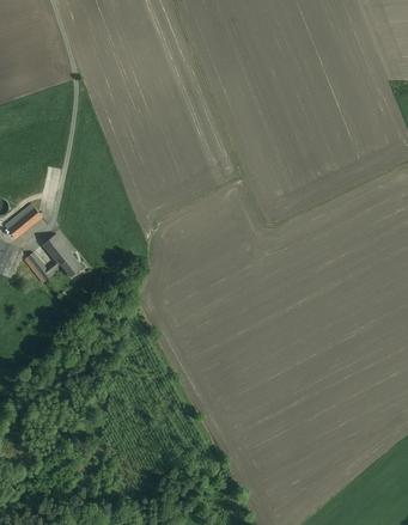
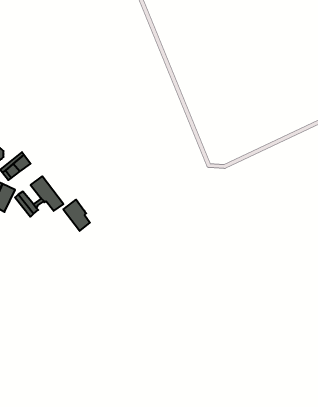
building: none -> [63,200,90,231]

